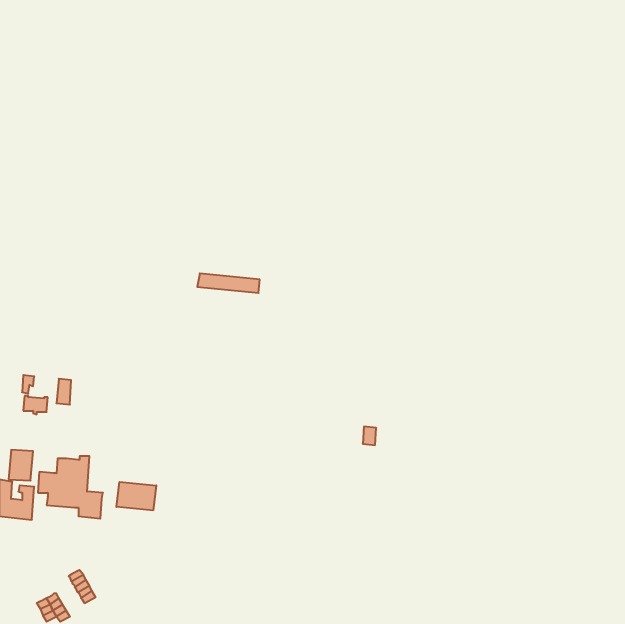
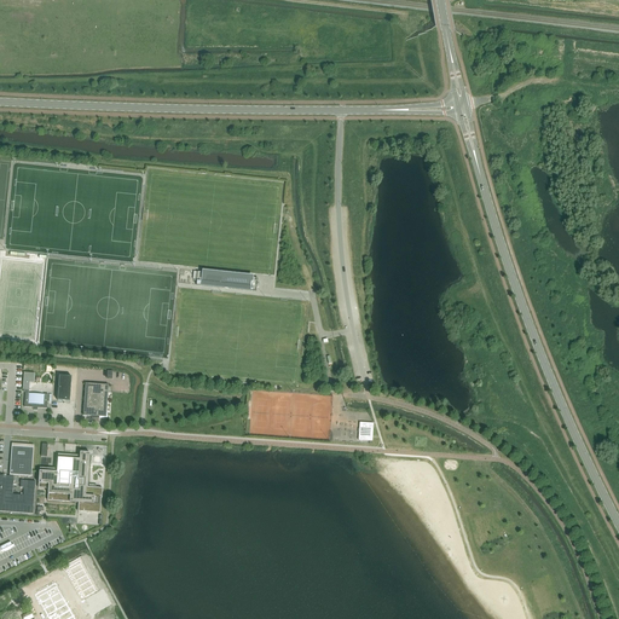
building: none -> [82,381,108,415]
building: [116,482,156,510] -> none

